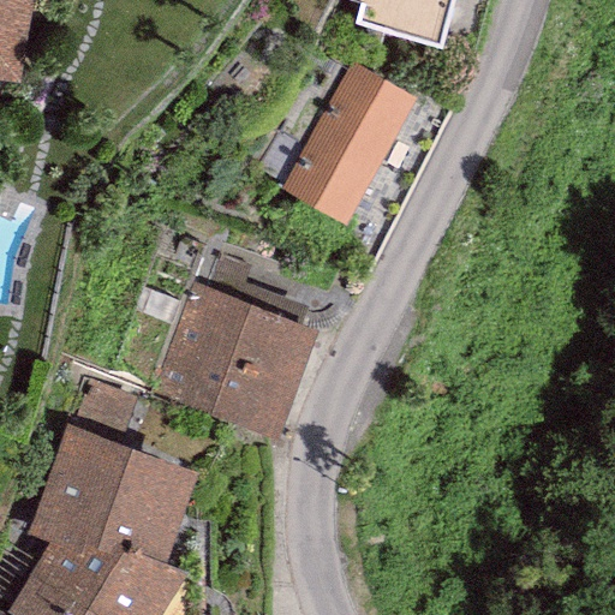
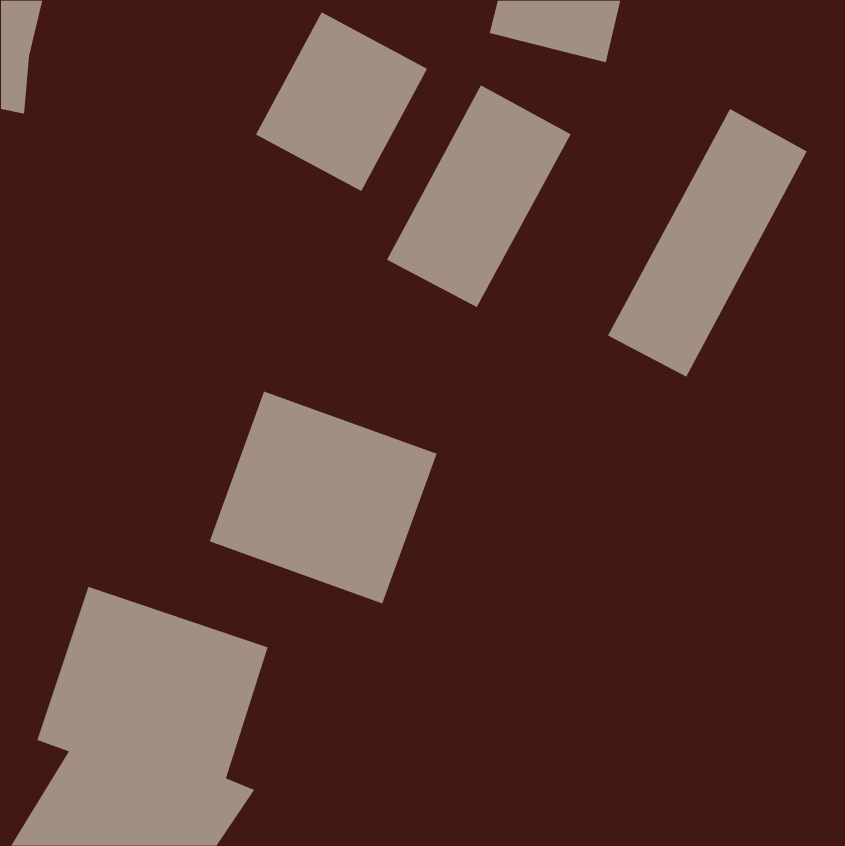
building: none -> [255,11,428,192]
building: none -> [607,108,808,378]

